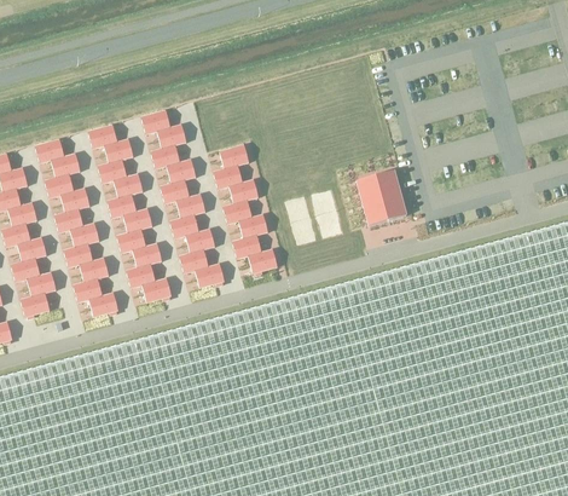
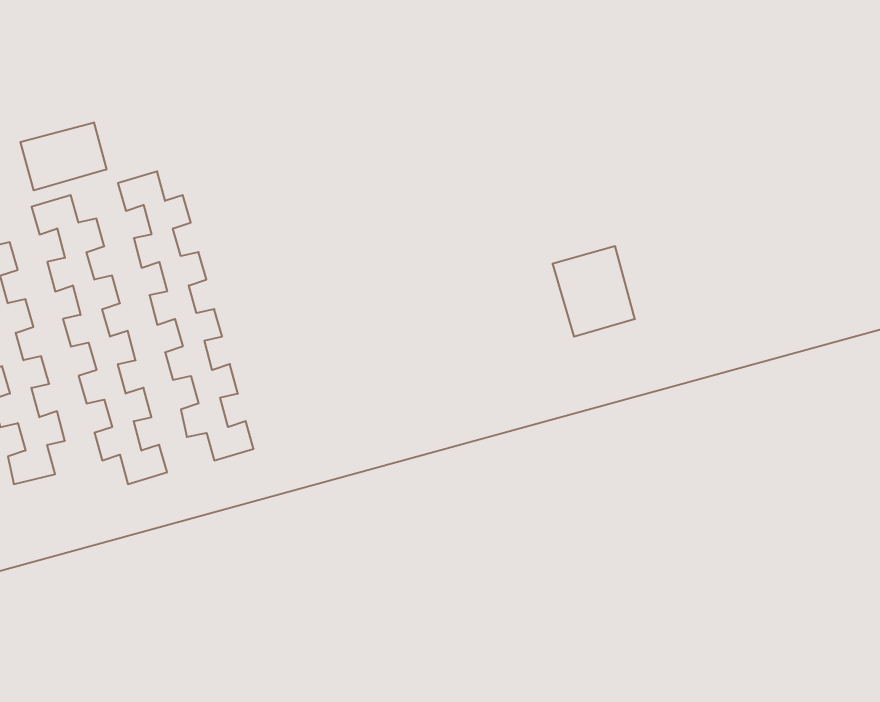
building: none -> [20,122,106,190]
building: [140,111,224,289] -> none
building: [213,146,276,275] -> none

